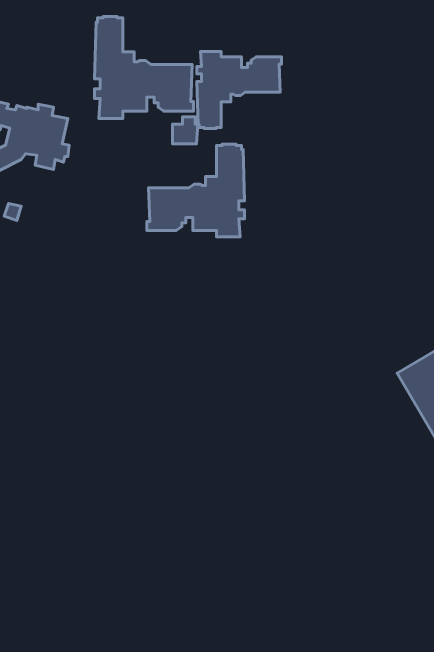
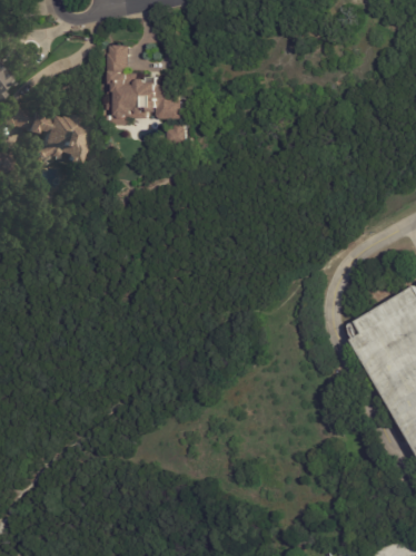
building: [197,51,281,129] -> none
building: [147,144,244,237] -> none

